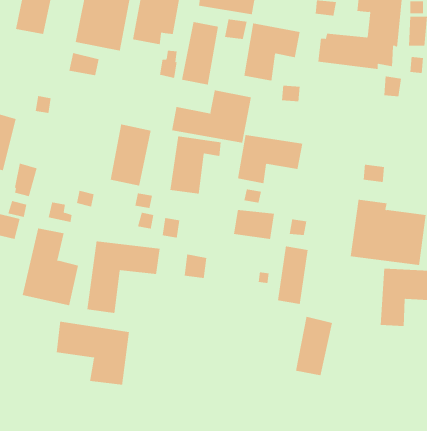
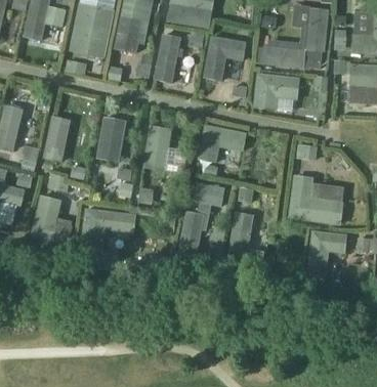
building: none -> [254,72,299,109]
building: [171,90,251,144] -> none
building: none -> [42,116,70,162]
building: [295,316,333,376] -> [178,207,208,254]
building: [56,321,130,385] -> none

